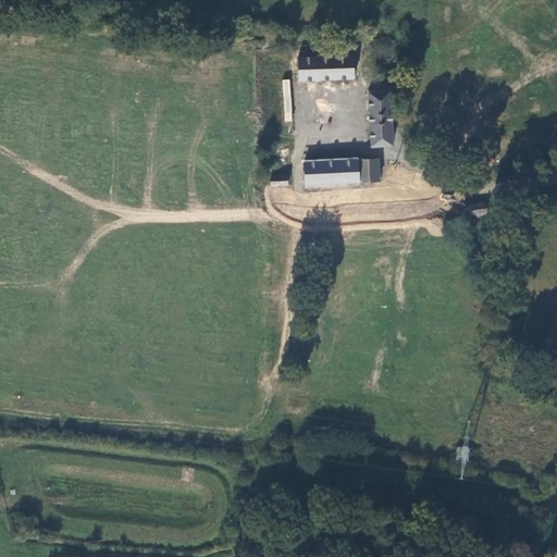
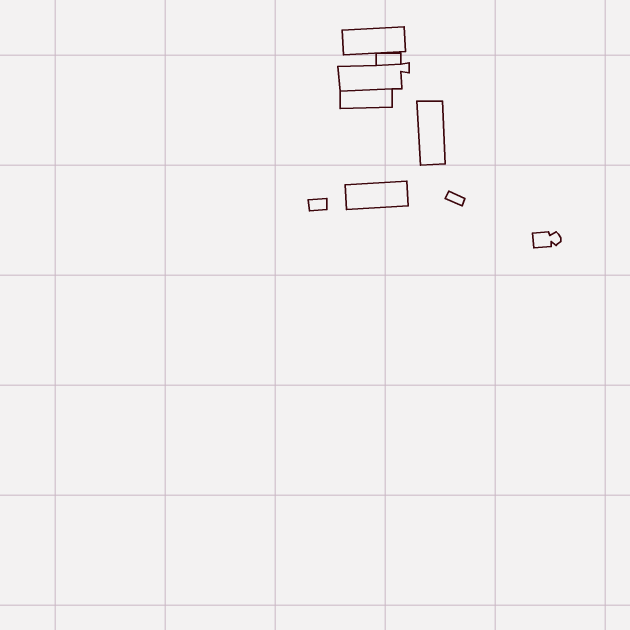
building: none -> [342,27,406,55]
building: [359,160,381,182] -> none

